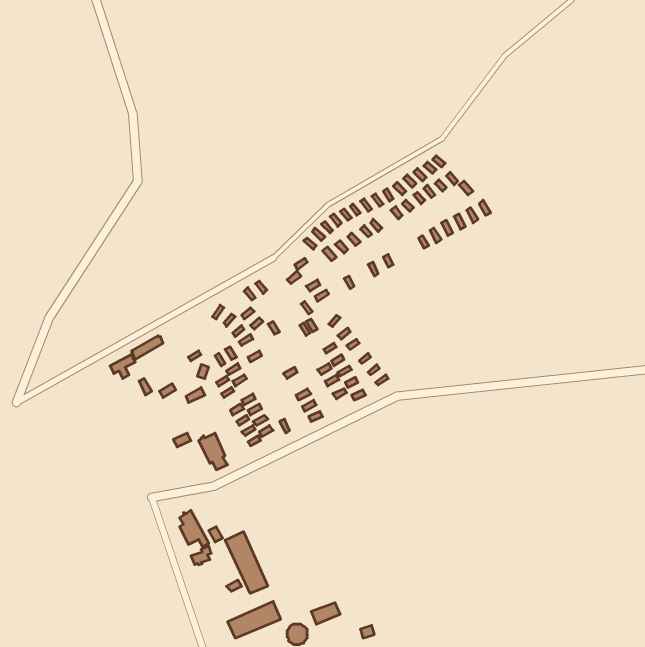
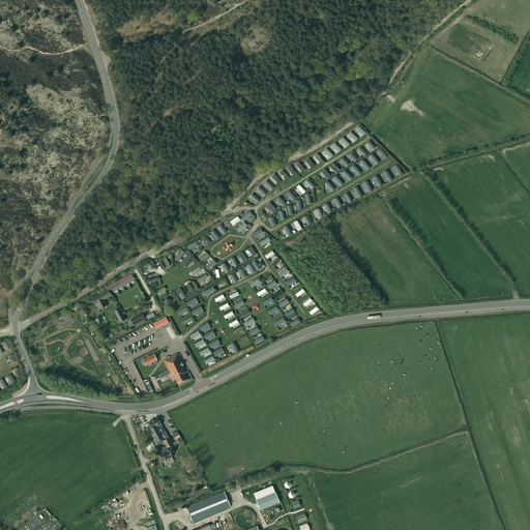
building: [225,532,268,593] -> none

